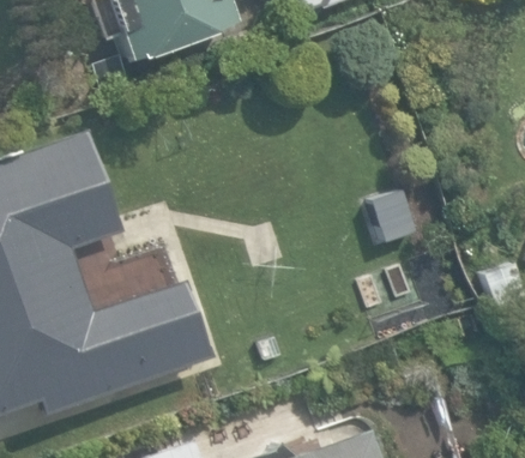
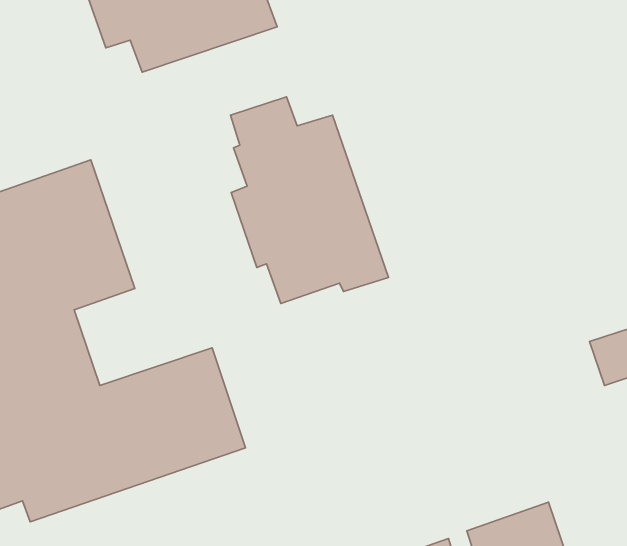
building: none -> [230,97,389,304]

